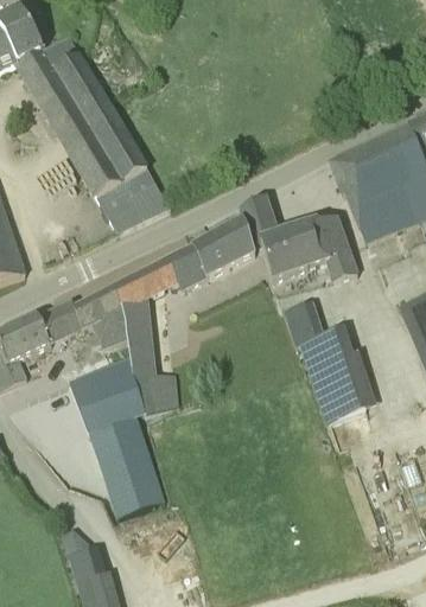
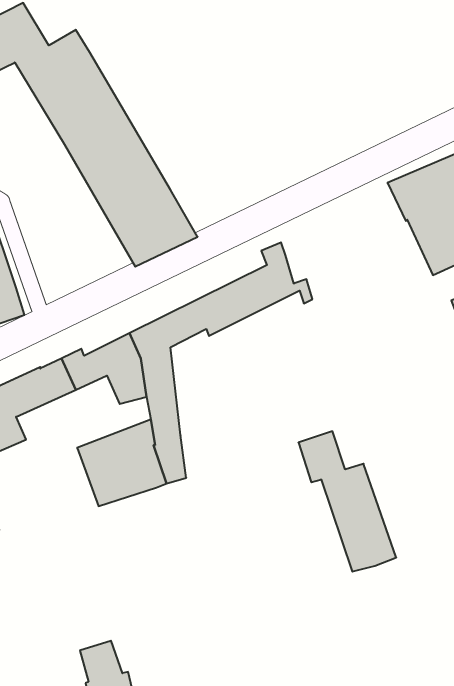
building: [239,197,357,279] -> none
building: [284,301,365,418] -> [298,431,396,572]
building: [87,417,164,515] -> none

